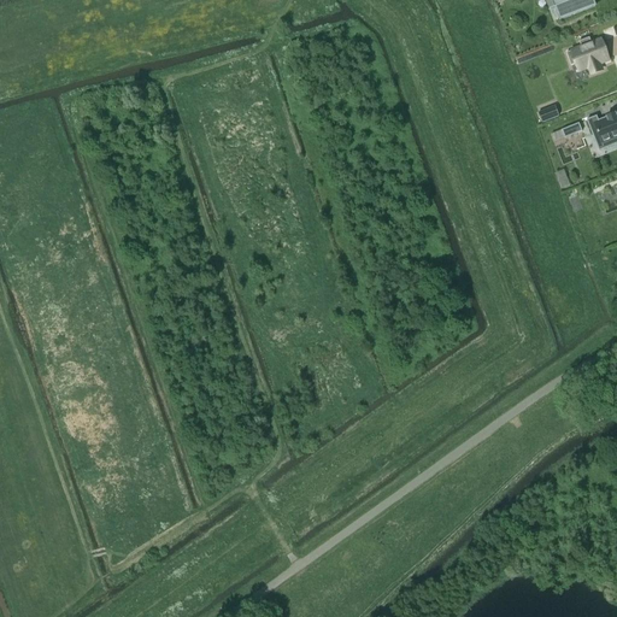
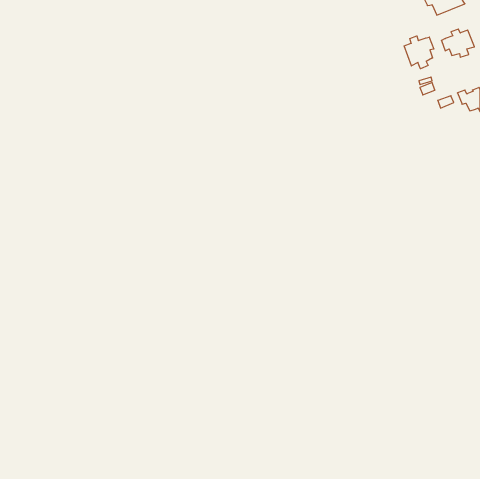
building: none -> [404,36,434,69]

